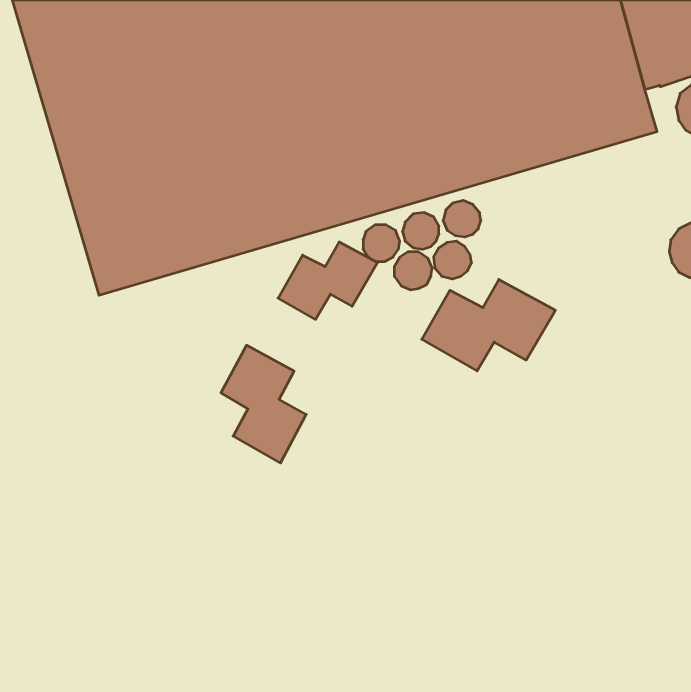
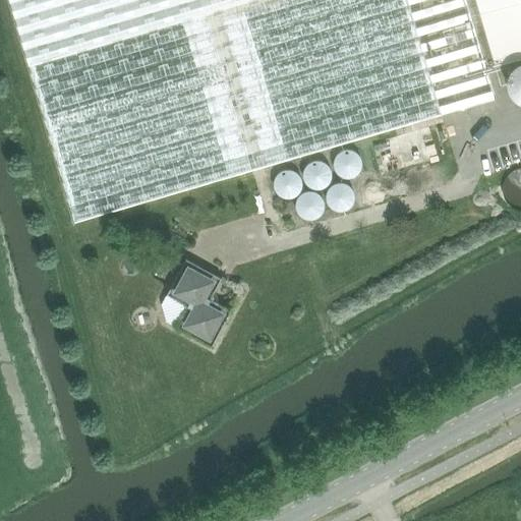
building: [278,242,378,319] -> none
building: [422,279,555,371] -> none

